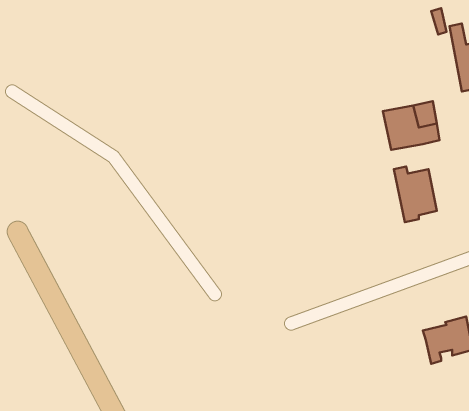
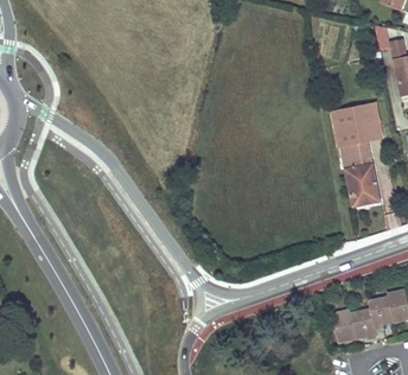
building: none -> [340,141,372,166]
building: none -> [331,309,376,342]

